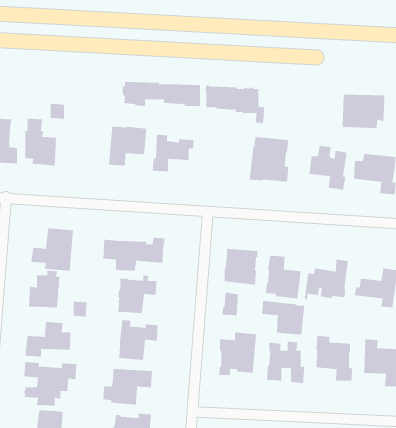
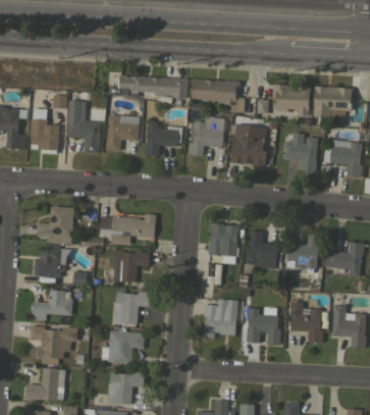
building: none -> [272,85,311,116]
building: none -> [67,113,100,154]
building: none -> [188,116,224,156]
building: [261,300,305,335] -> none

